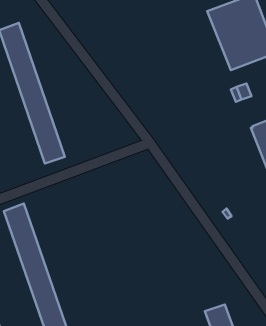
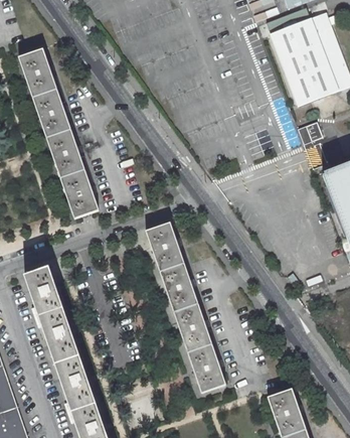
building: none -> [145,222,225,392]

